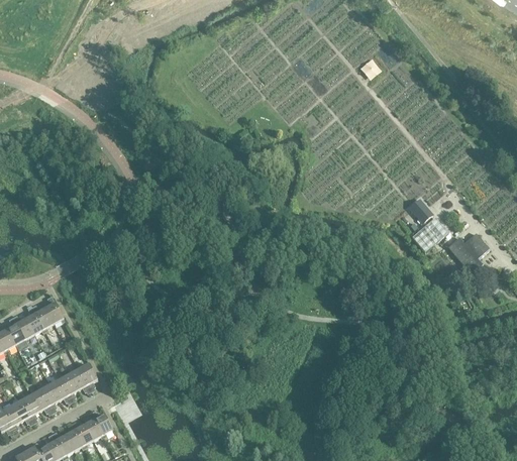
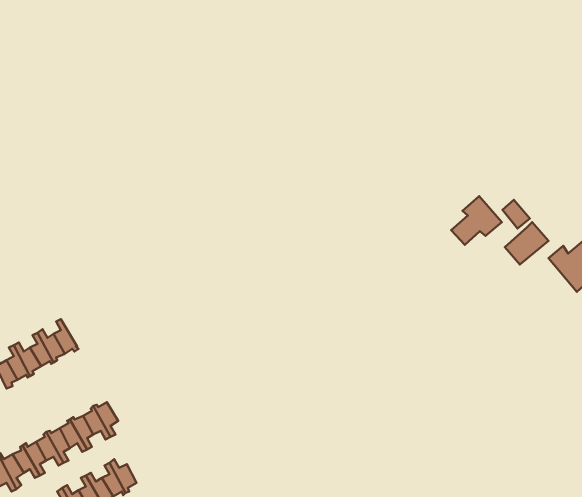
building: none -> [451,196,502,245]

